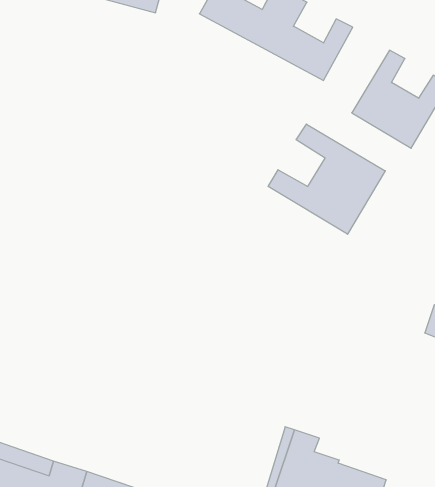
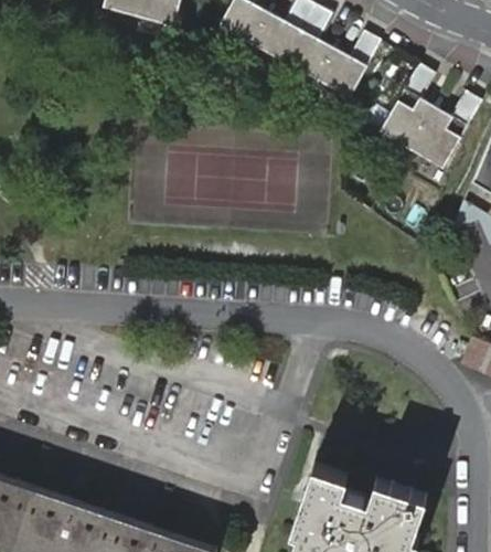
building: [268,124,385,234] -> none
building: none -> [365,480,424,521]

